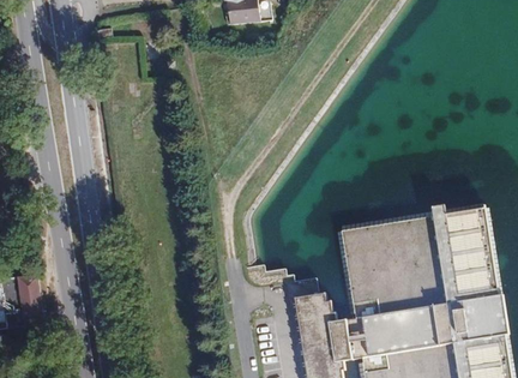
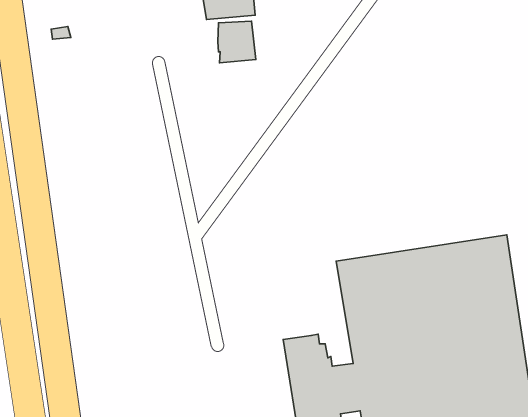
building: none -> [218,21,256,63]

